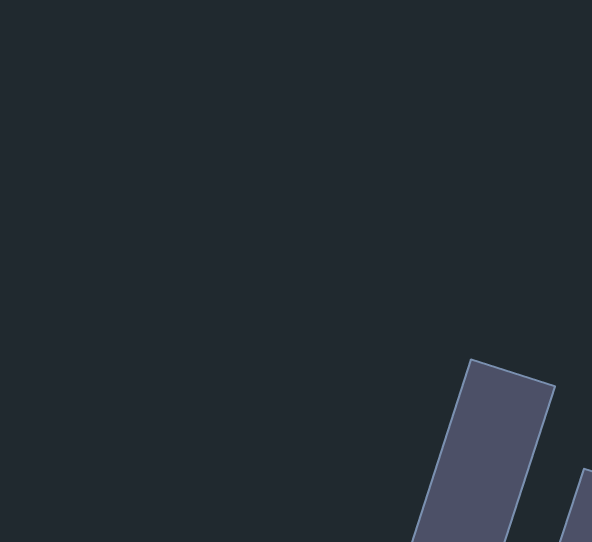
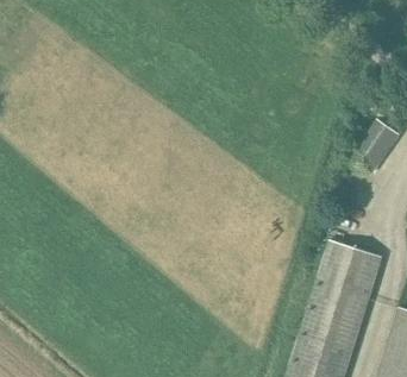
building: none -> [350,119,395,170]

